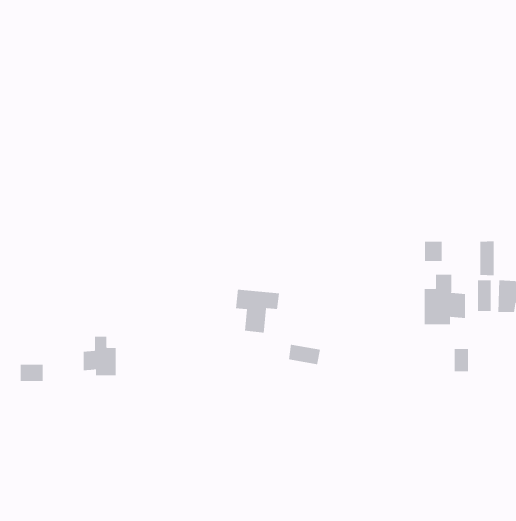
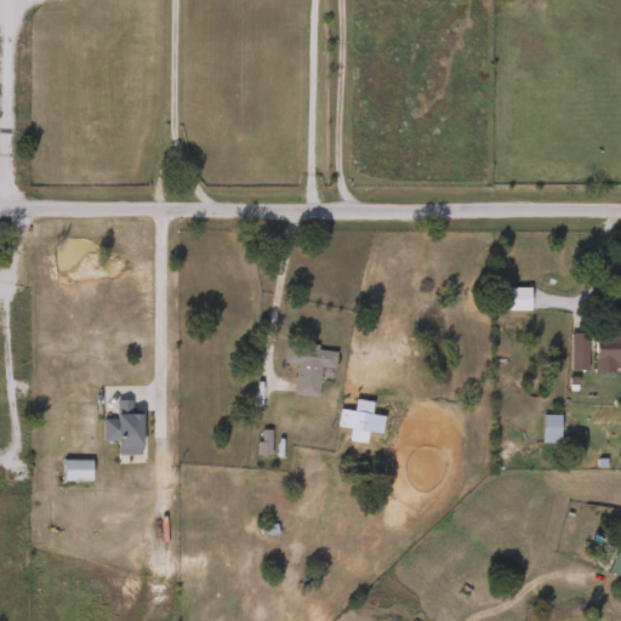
building: [480,241,494,276] -> none
building: [424,274,466,325] -> none
building: [20,364,43,381] -> [67,460,95,480]

